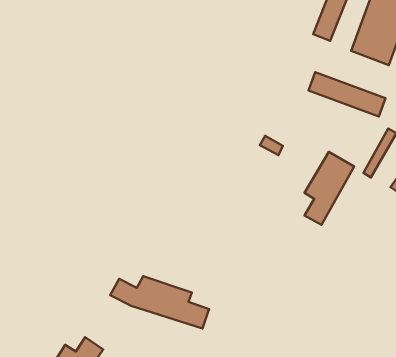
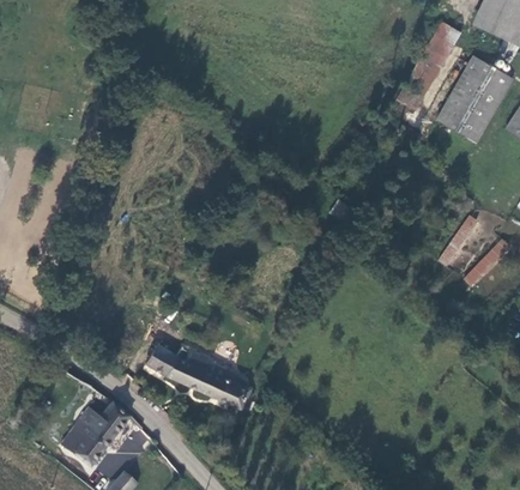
building: [308,72,385,116] -> none
building: [304,152,354,225] -> none

